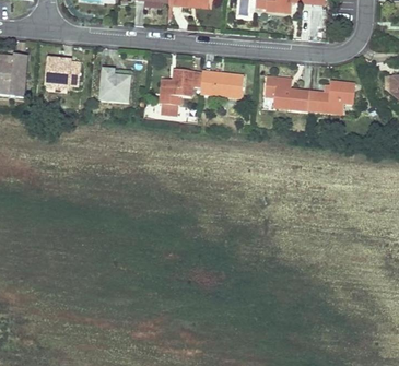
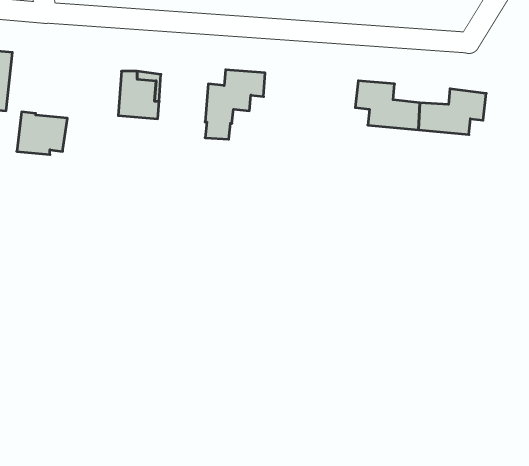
building: [45,58,80,87] -> [17,112,67,155]
building: [200,70,243,96] -> none

